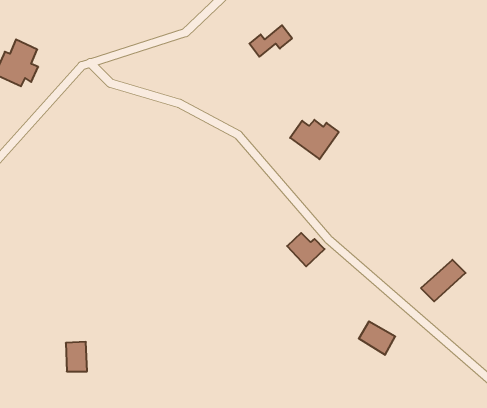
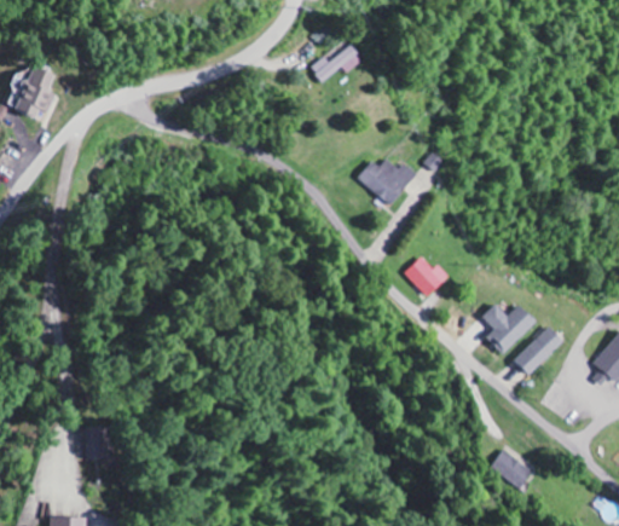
building: [287,233,325,266] -> [405,256,450,296]
building: none -> [481,302,538,354]
building: [359,321,395,355] -> [490,450,533,490]

